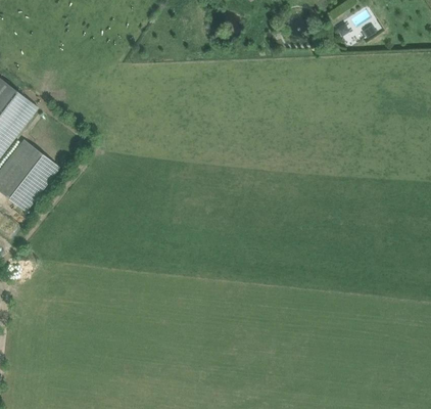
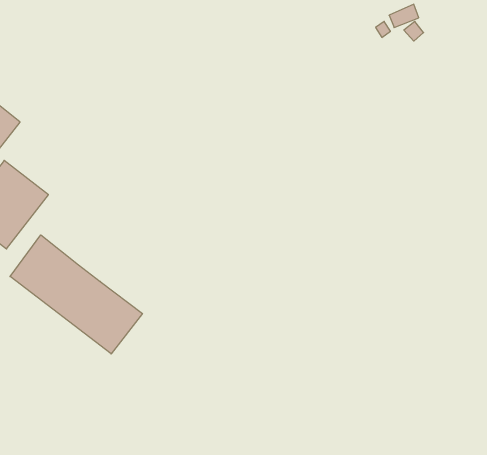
building: none -> [10,235,142,354]

